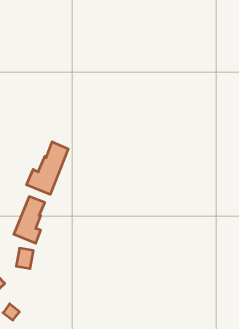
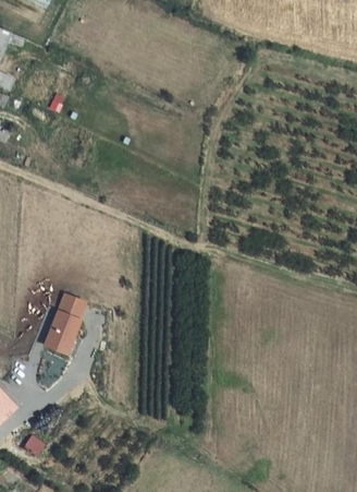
building: [27,142,68,194] -> none

